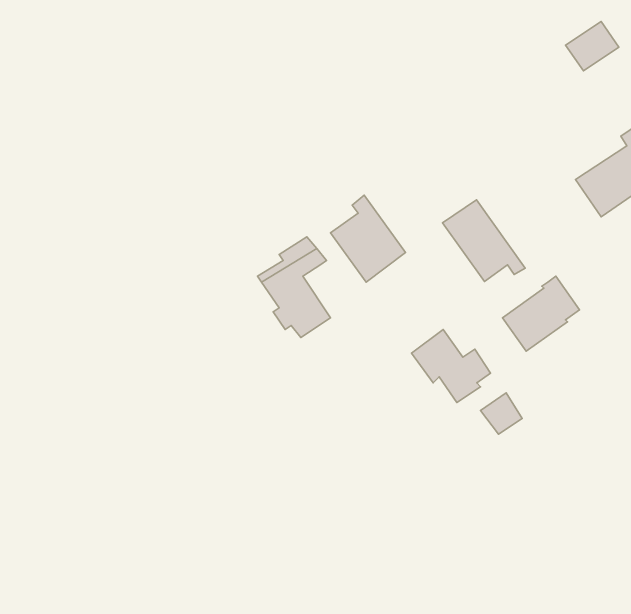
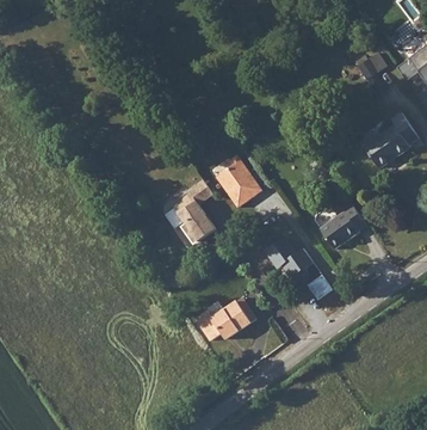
building: [442,200,525,281] -> none
building: none -> [196,297,255,339]

